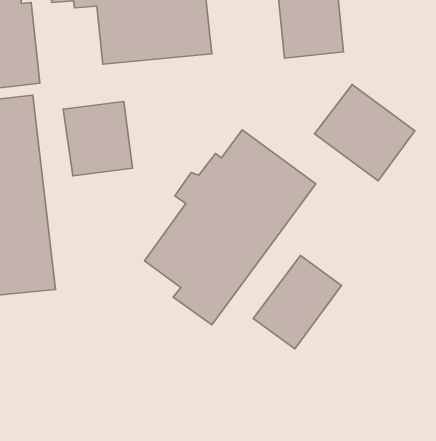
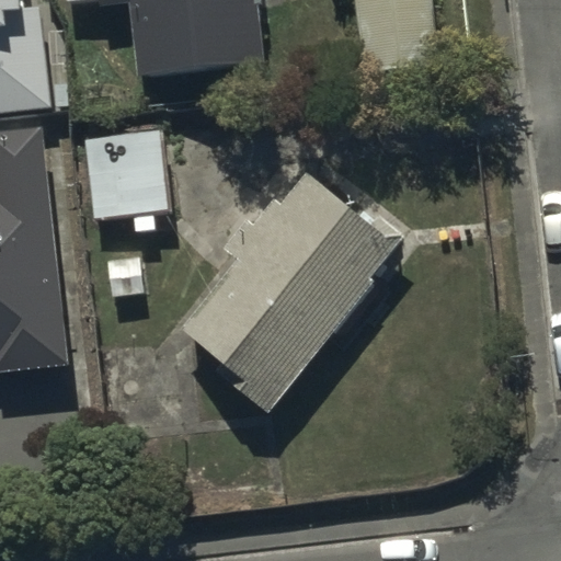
building: [314,84,415,181] -> none
building: [253,255,341,349] -> none

